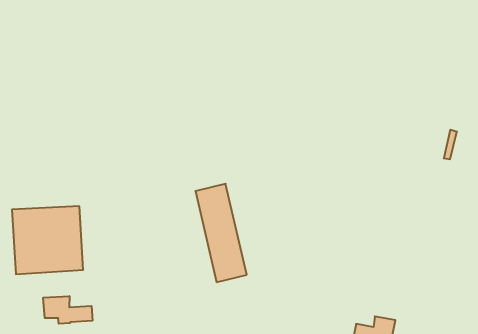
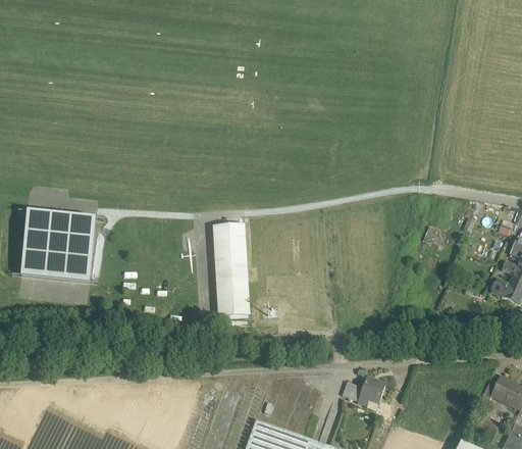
building: [43,296,92,324] -> none

